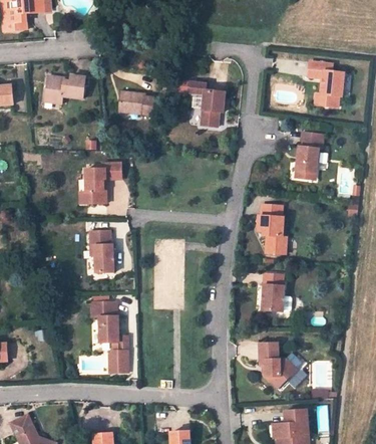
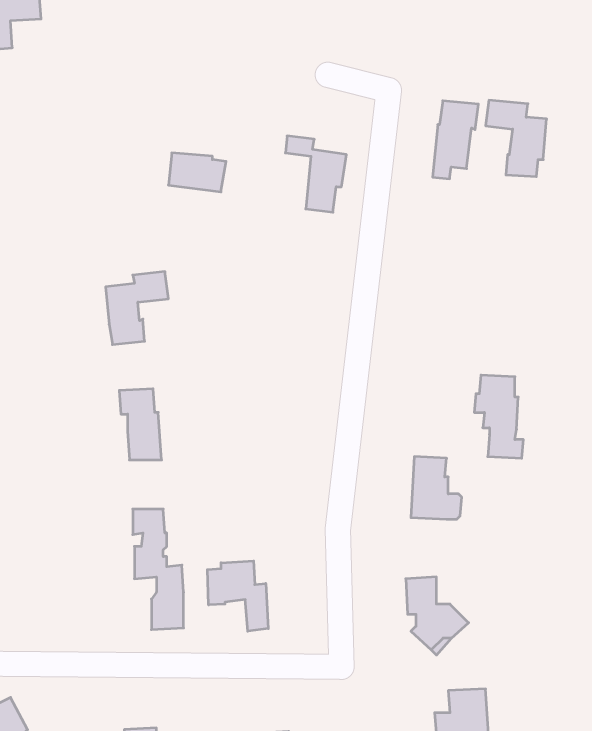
building: [44,75,86,105] -> none
building: [295,131,322,177] -> [433,101,478,179]
building: [257,202,286,251] -> [474,375,523,458]
building: none -> [207,561,268,631]

